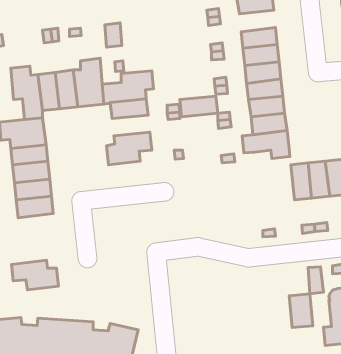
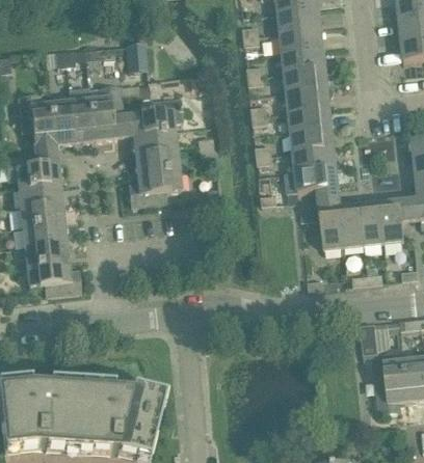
building: none -> [281,29,322,54]
building: [180,96,218,117] -> [134,149,178,173]
building: none -> [300,197,344,249]
building: [11,260,58,290] -> [26,263,80,297]
building: [289,294,313,328] -> none

